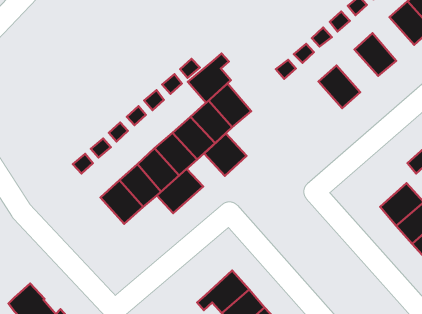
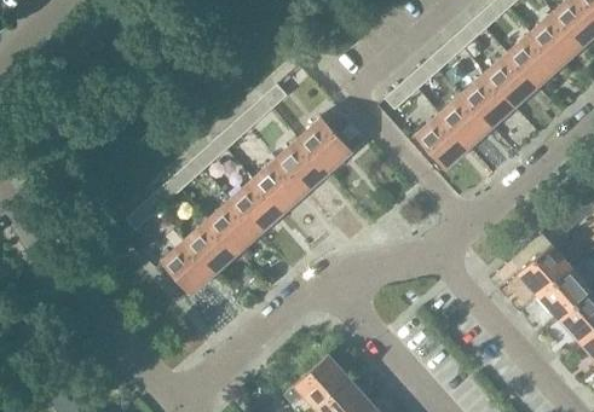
building: none -> [507,33,560,88]
building: none -> [461,74,514,128]
building: [188,53,231,103] -> none
building: none -> [414,115,468,170]
building: [204,134,246,176] -> none
building: [157,169,203,213] -> none

